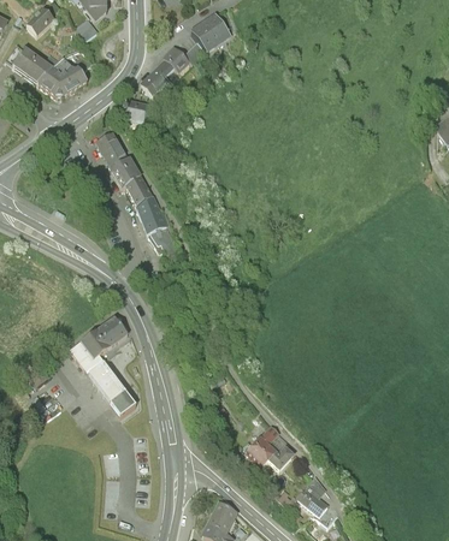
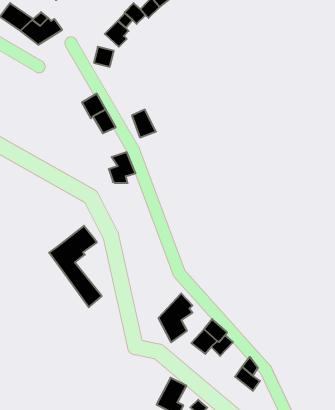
building: [96,129,130,166] -> none
building: [137,196,166,230] -> [132,110,156,137]
building: none -> [159,293,192,342]

